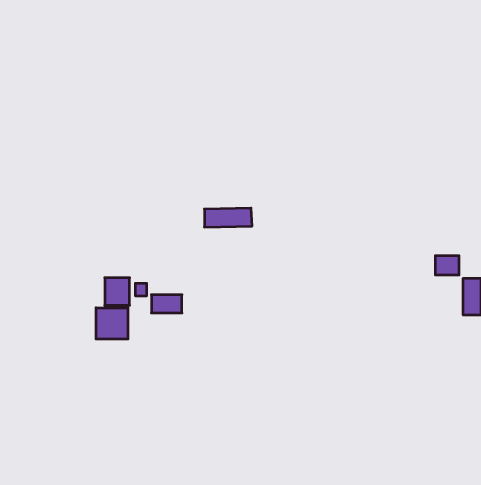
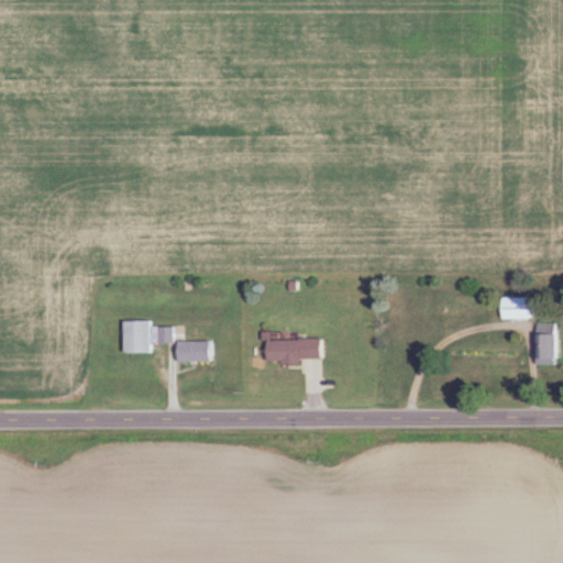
building: [204,208,252,227] -> [265,339,320,361]
building: [96,308,128,339] -> none

